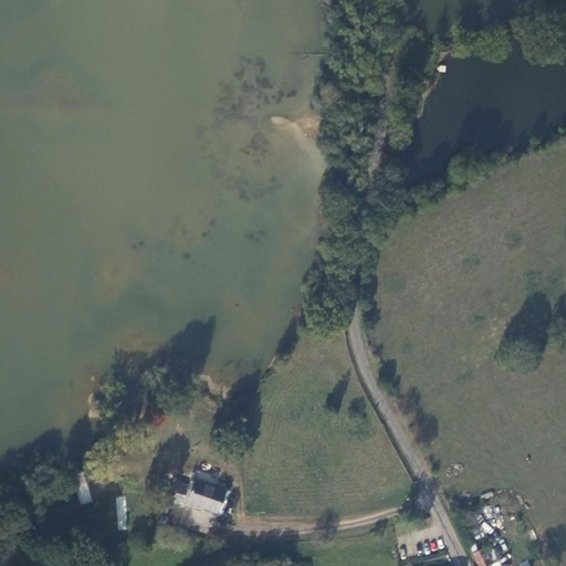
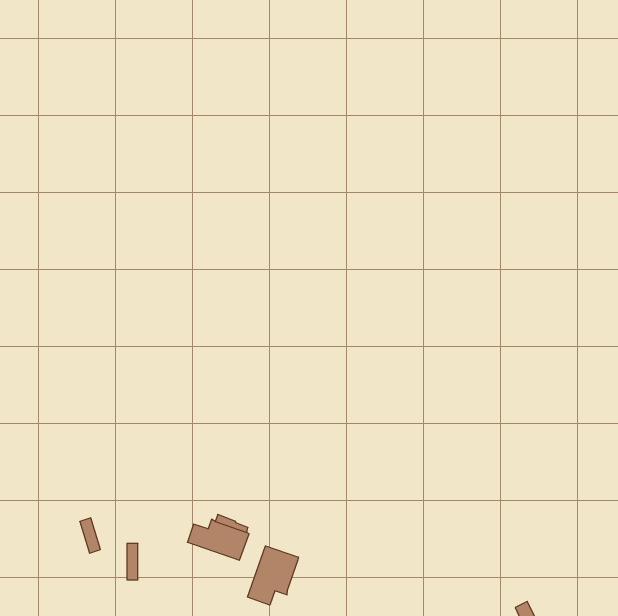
building: none -> [248,546,298,605]

